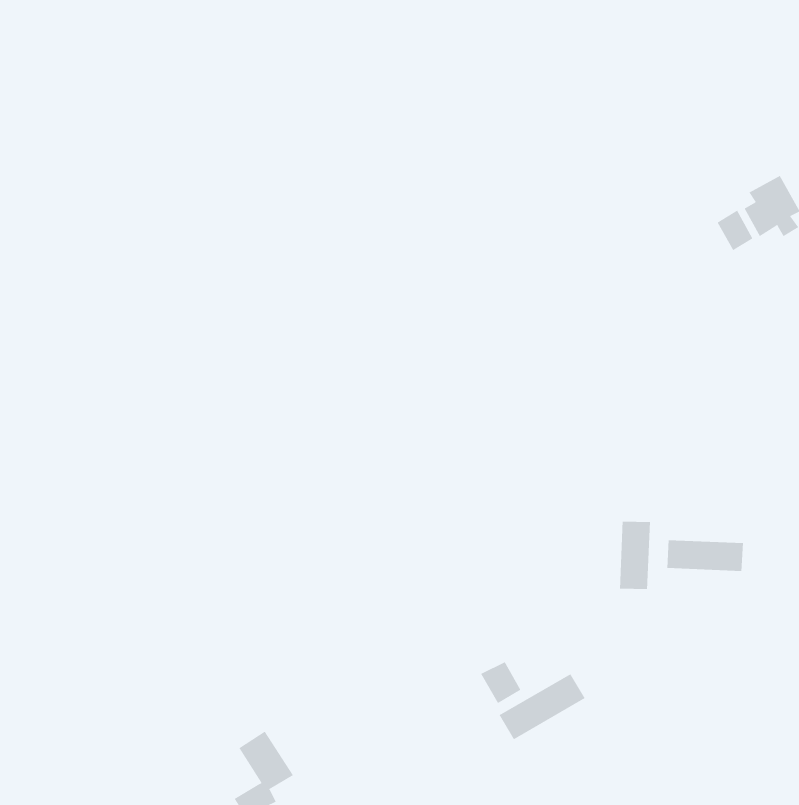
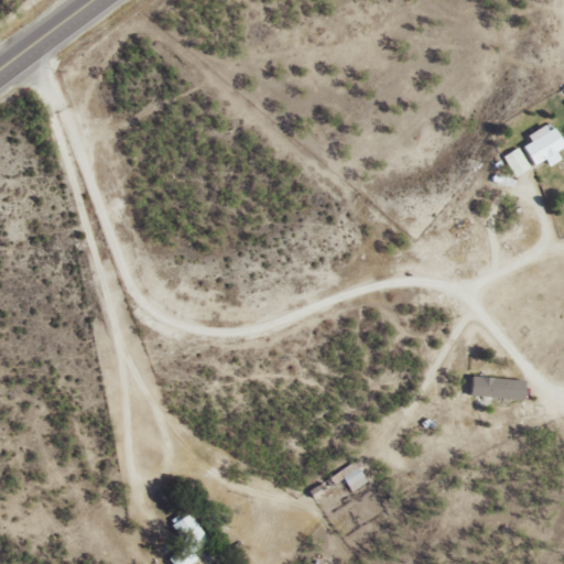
building: [619,521,650,590] -> none
building: [499,673,585,740] -> none

